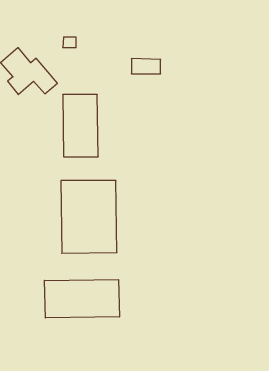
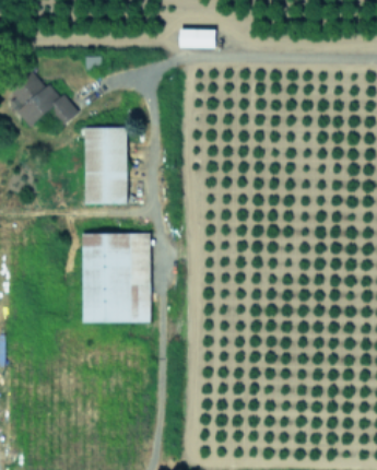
building: [131,59,161,74] -> [179,28,215,47]
building: [44,280,119,318] -> none

